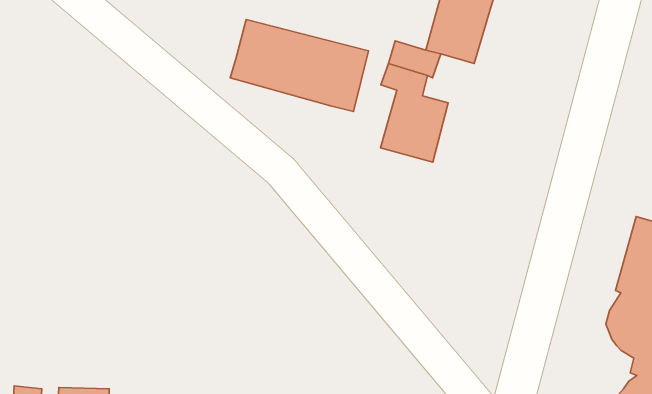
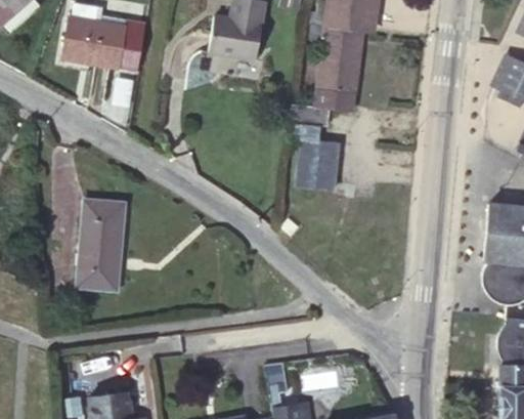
building: [230,19,368,112] -> none
building: none -> [78,200,125,289]

